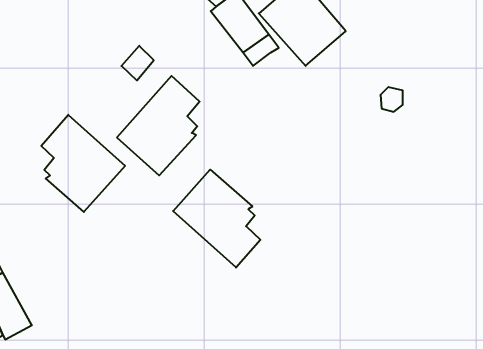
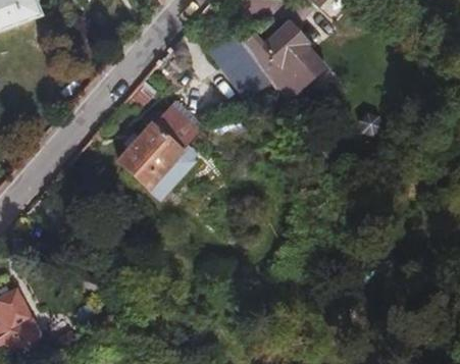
building: [41,115,125,212] -> none
building: [173,170,260,268] -> none

